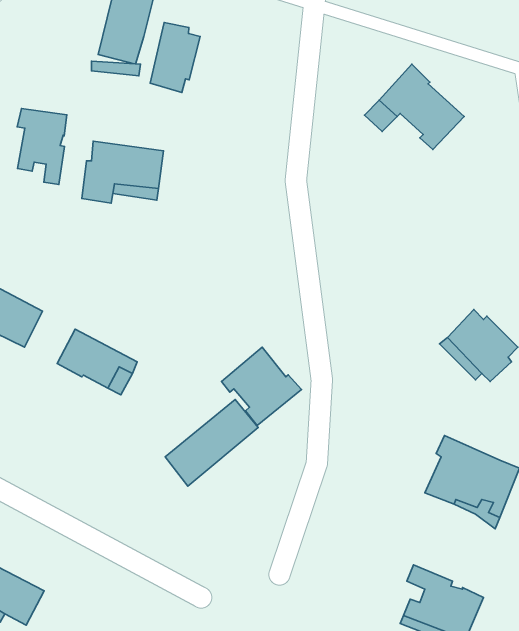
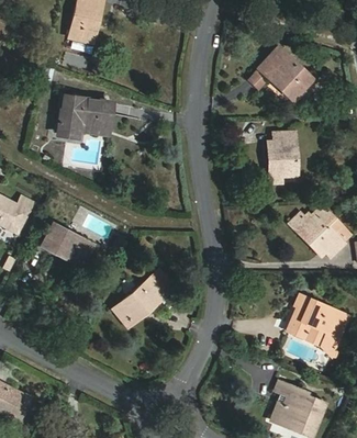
building: [150,23,200,92] -> none
building: [17,109,67,185] -> none
building: none -> [267,131,297,176]
building: [222,347,302,426] -> none

